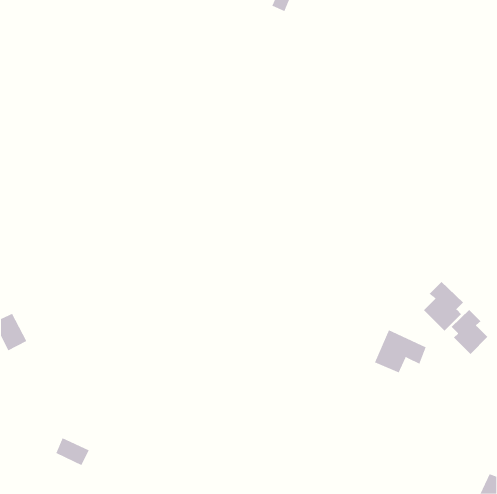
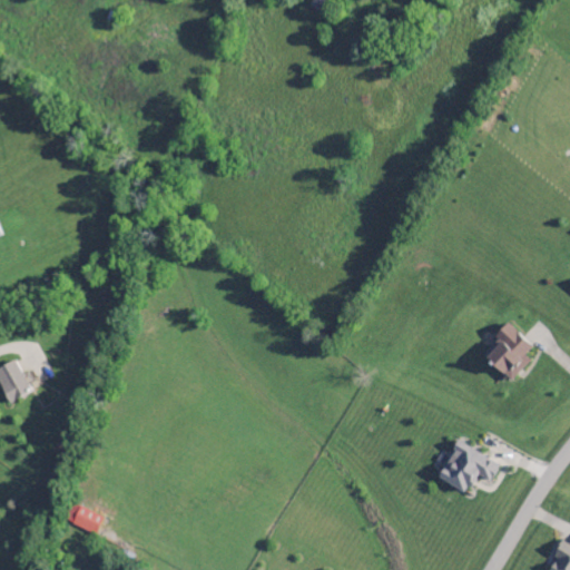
building: [451,309,488,355] -> none
building: [374,330,427,373] -> [438,441,498,491]

